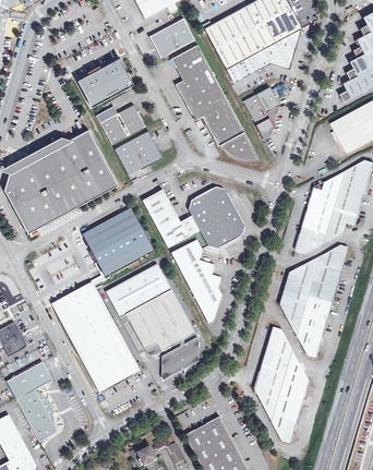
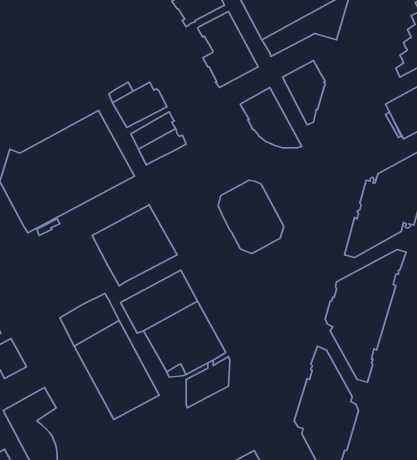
building: [77,57,134,106] -> none
building: [190,92,232,123] -> none
building: [143,191,198,248] -> none
building: [171,240,222,323] -> none

